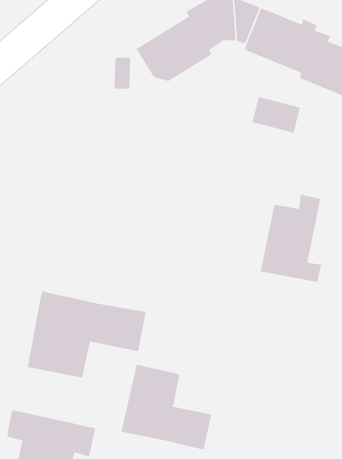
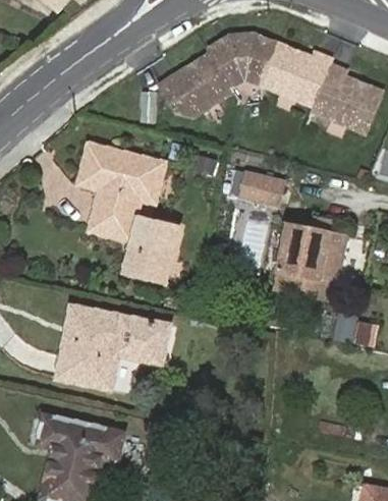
building: [251,96,301,134] -> [239,171,285,206]
building: none -> [80,144,179,281]
building: [120,364,212,450] -> none

